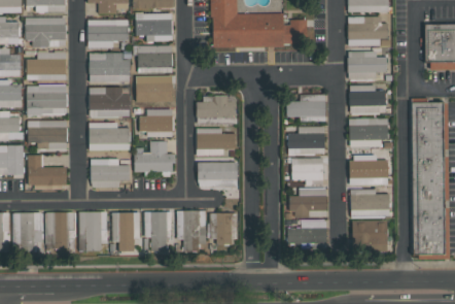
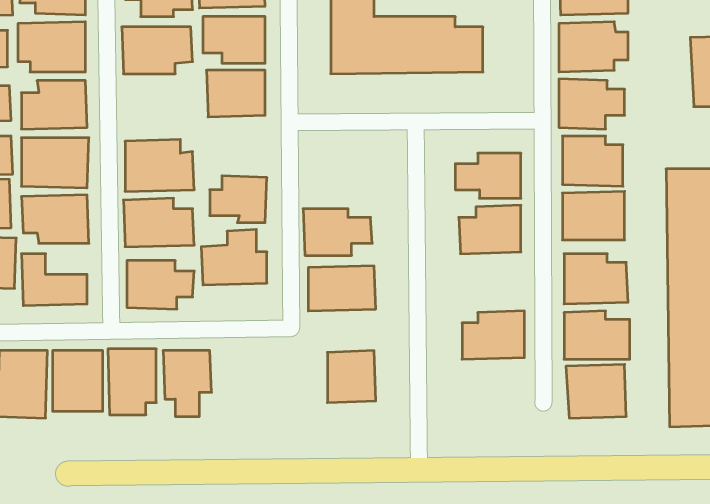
building: [90,53,131,82] -> none
building: [137,76,174,102] -> none
building: [197,96,236,124] -> none
building: [292,157,324,180] -> none
building: [144,210,206,251] -> none
building: [289,219,327,249] -> none

